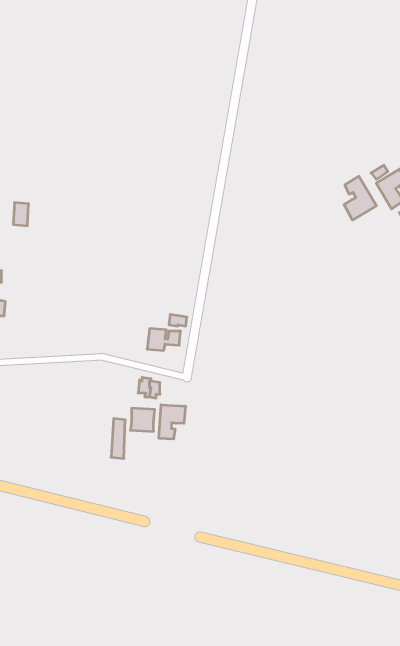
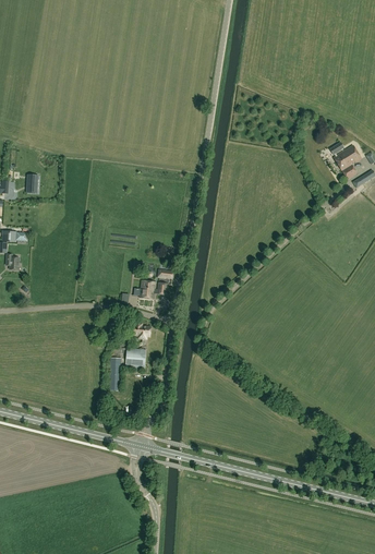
building: [344,176,376,220] -> none
building: [159,405,185,439] -> none

